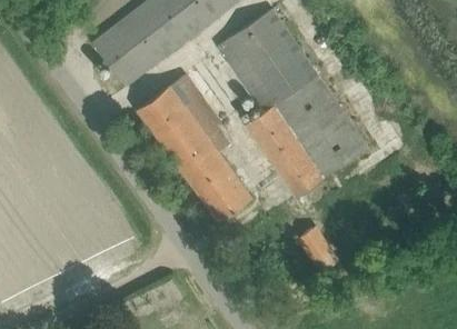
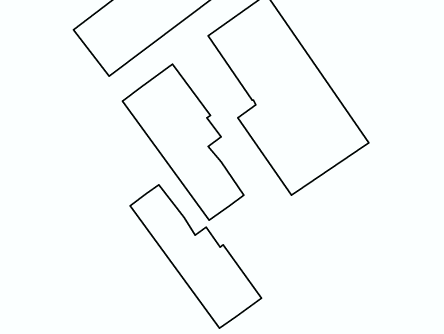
building: none -> [130,185,261,328]
building: [300,227,339,271] -> none

